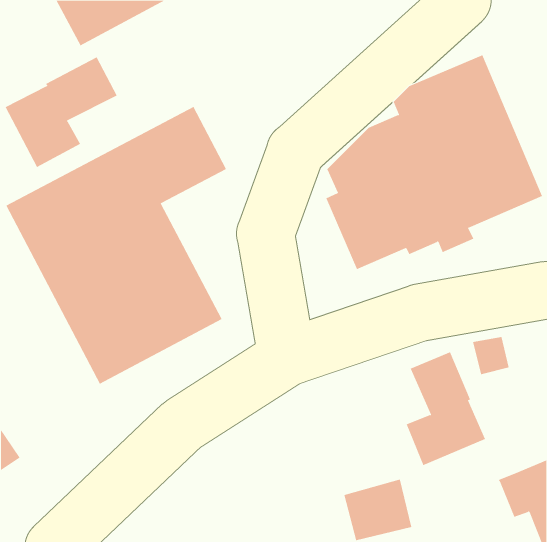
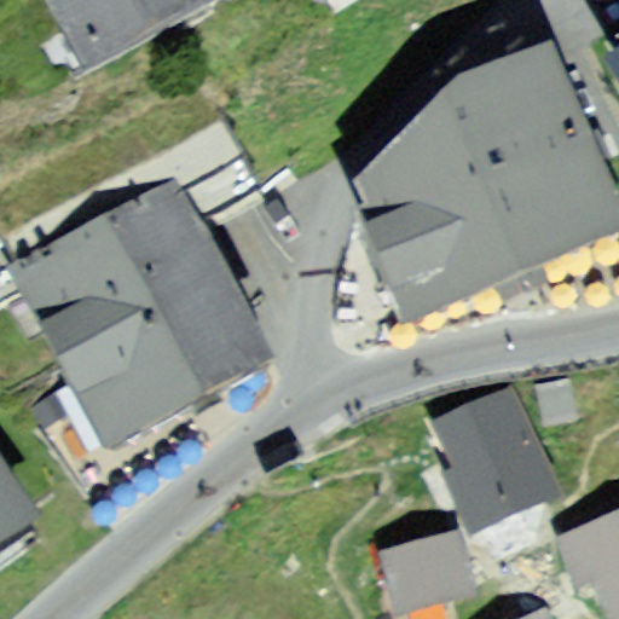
building: [5,56,117,168] -> none

